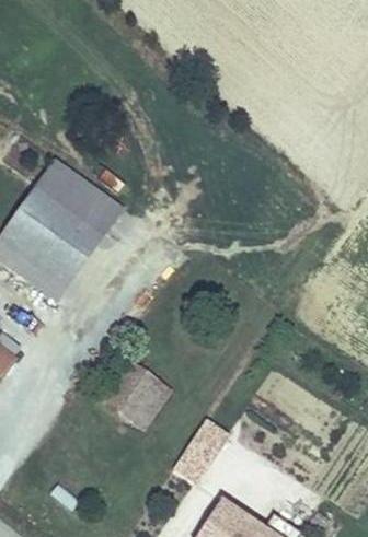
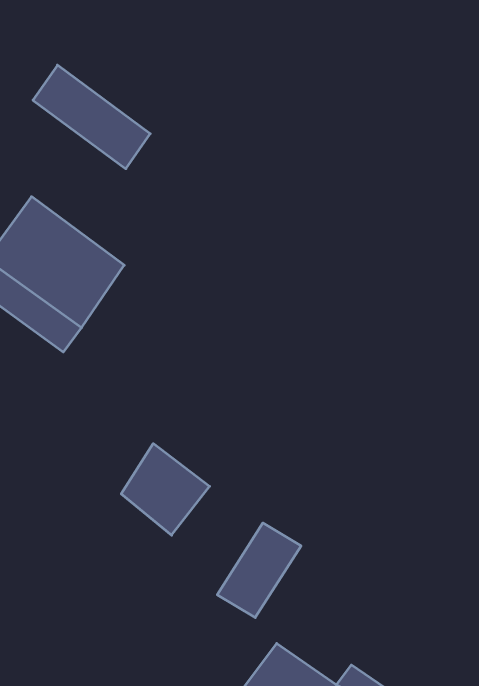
building: [38,156,123,231] -> [33,65,150,169]

